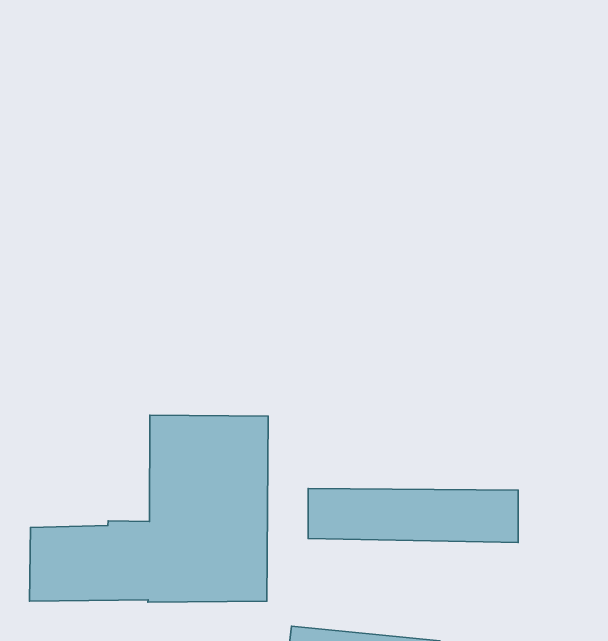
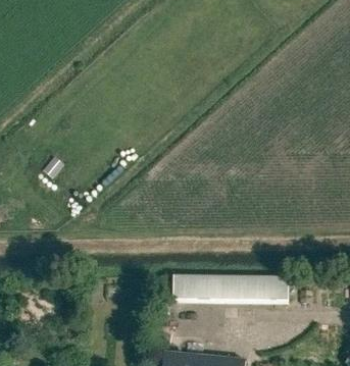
building: [29,415,268,602] -> none

